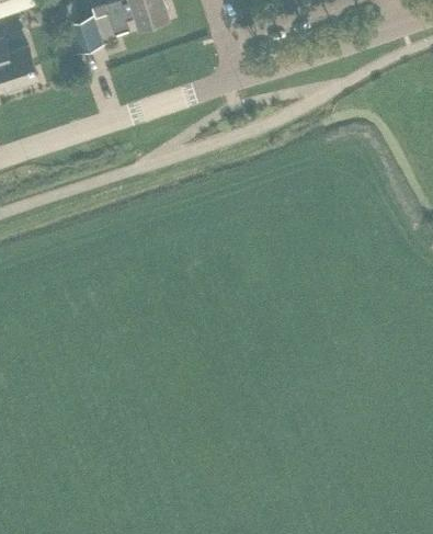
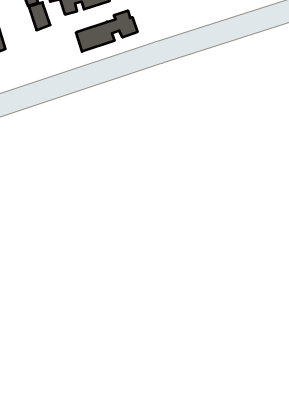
building: none -> [76,11,137,52]

